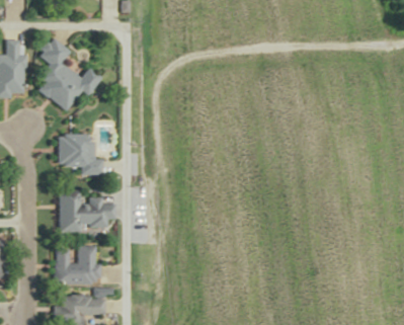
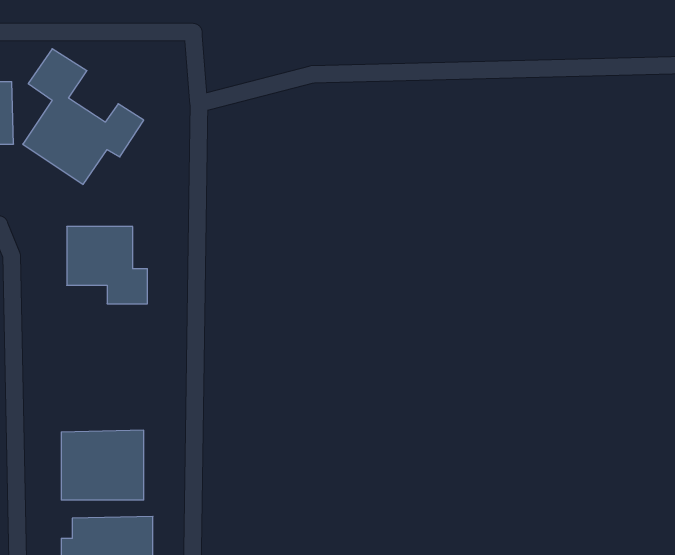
building: [58,190,114,232] -> none

